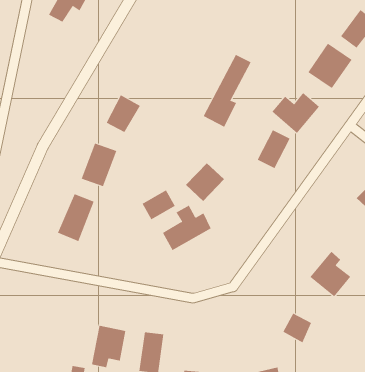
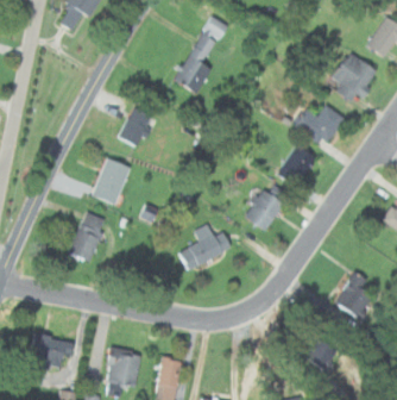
building: [203,54,251,127] -> [176,15,227,93]
building: [185,162,225,202] -> [244,188,285,230]
building: [142,189,176,220] -> none
building: none -> [29,332,69,368]

